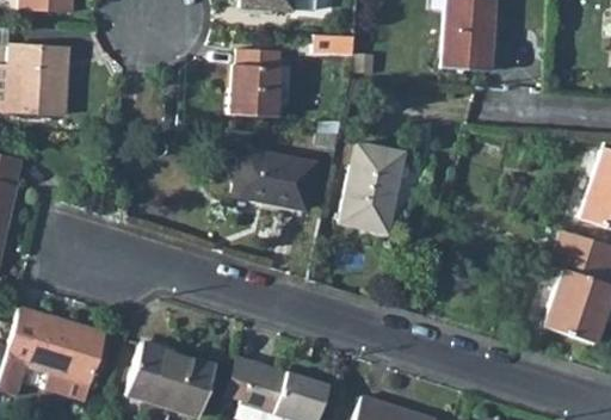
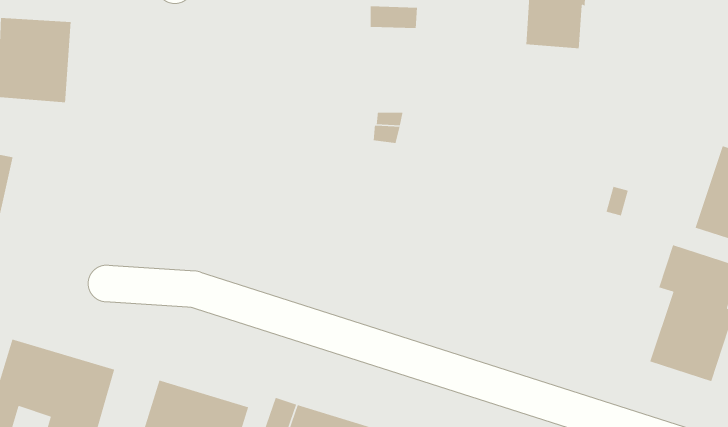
building: [228,48,280,117] -> none
building: [340,144,402,231] -> none
building: [233,149,315,210] -> none

